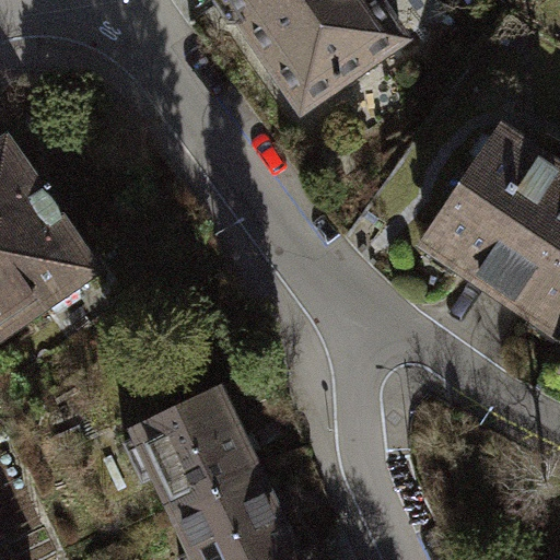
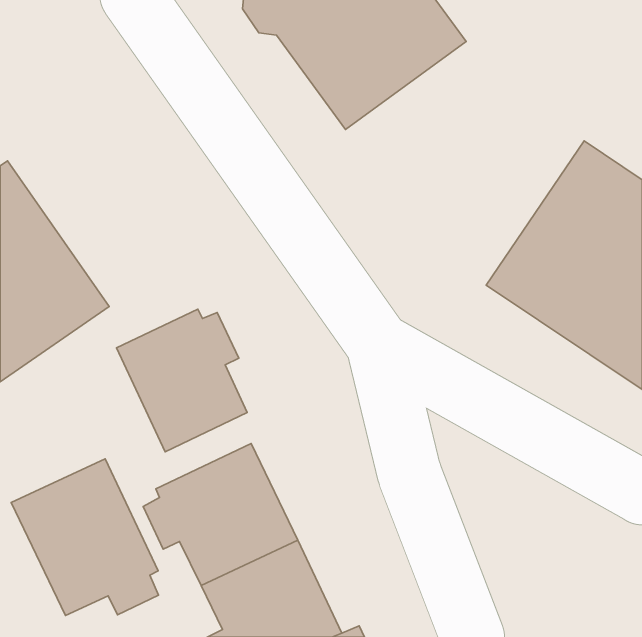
building: none -> [116,309,247,452]
building: none -> [11,459,158,616]

